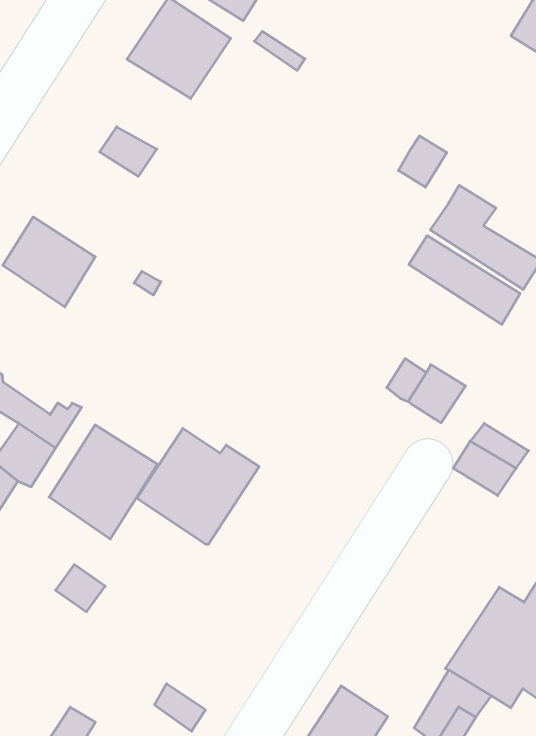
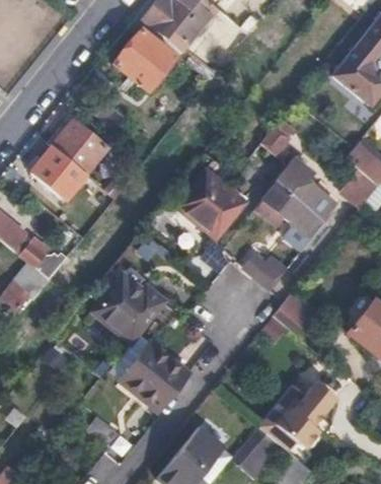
building: none -> [53,121,104,172]
building: none -> [177,172,241,237]
building: [49,425,157,539] -> none
building: none -> [119,341,188,411]

